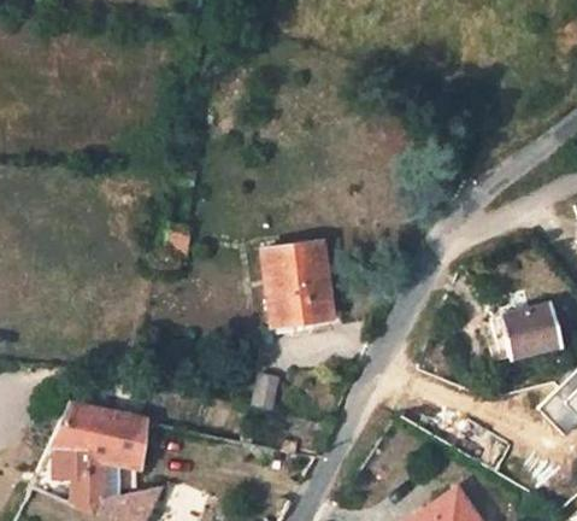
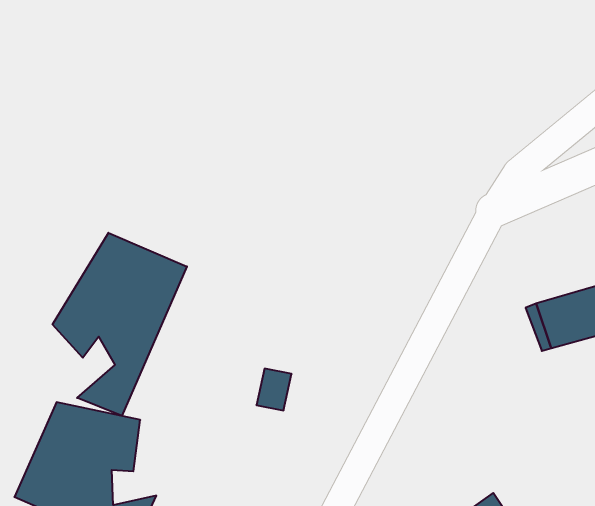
building: [264,242,335,335] -> none
building: none -> [53,233,187,416]

